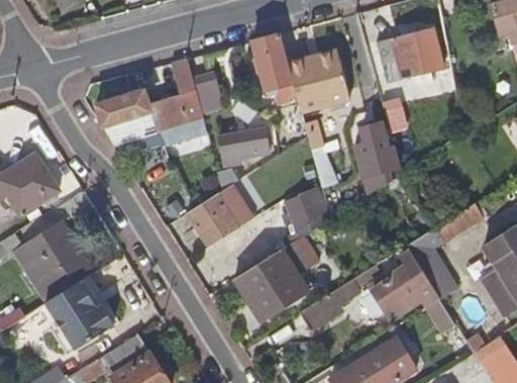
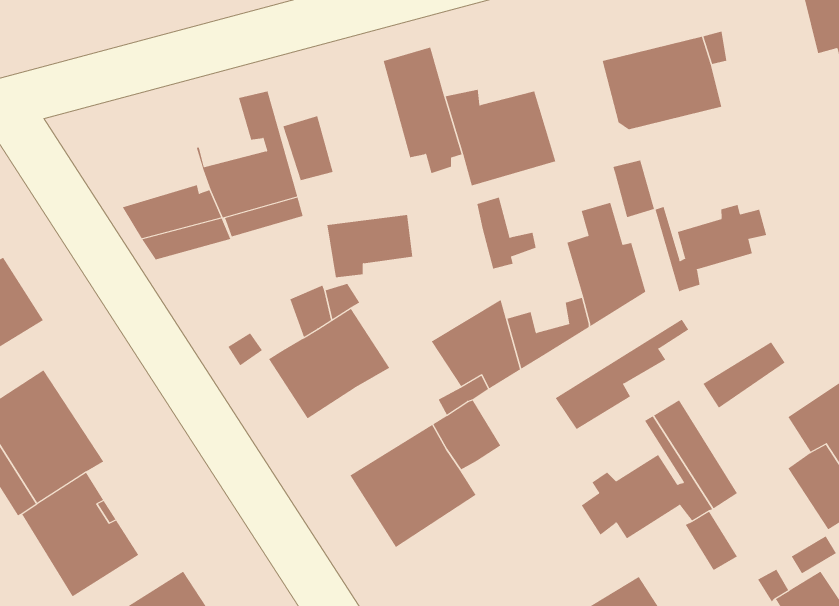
building: [96,91,152,125] -> none
building: none -> [655,204,767,292]
building: [300,266,377,329] -> [555,319,689,430]

